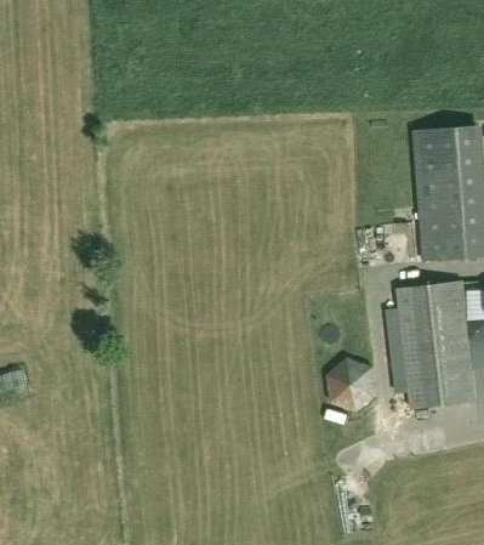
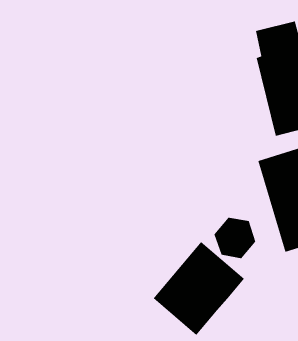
building: none -> [153,241,245,336]

